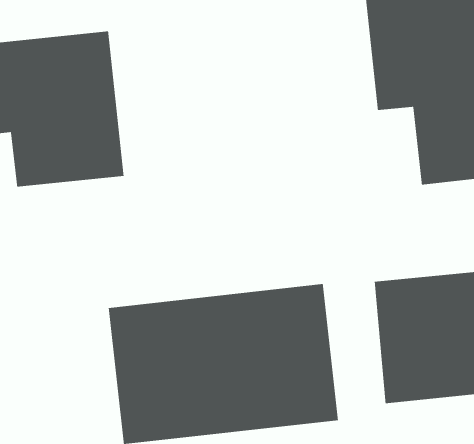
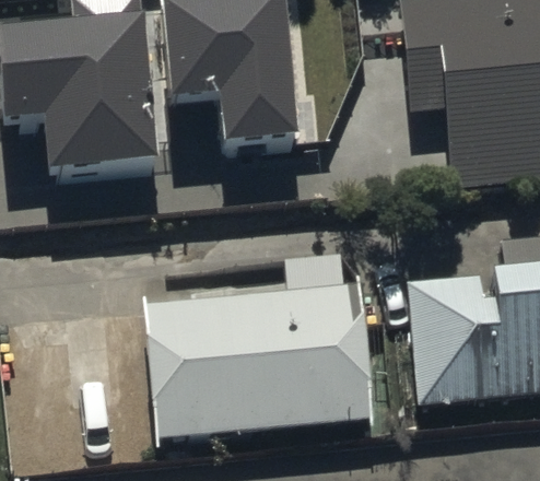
building: none -> [163,9,300,163]

